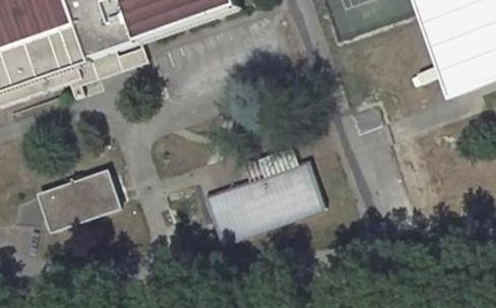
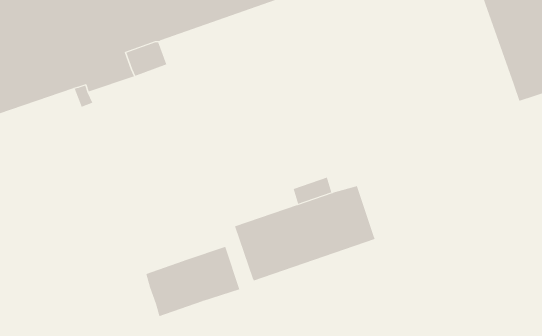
building: [40,170,120,230] -> [146,246,240,317]

